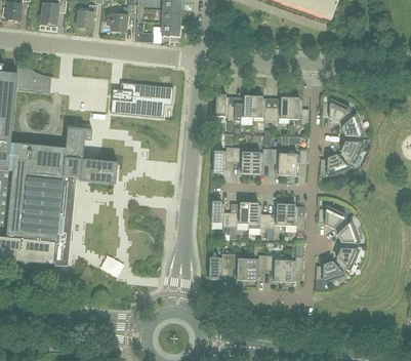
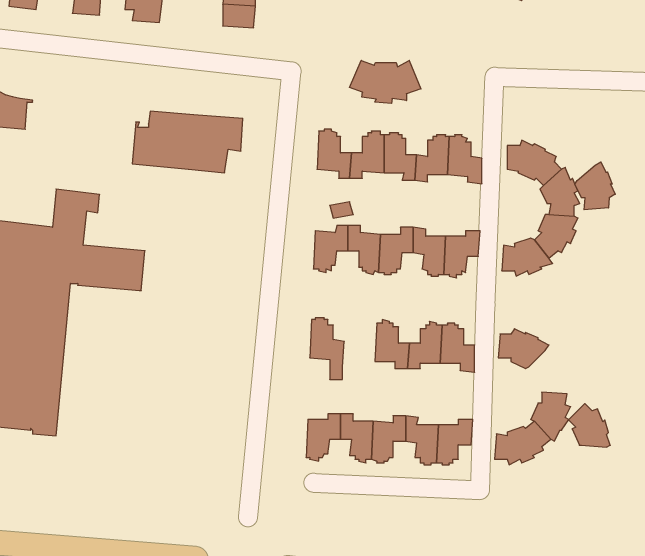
building: none -> [350,60,421,103]
building: none -> [575,162,615,210]
building: [230,200,249,234] -> none
building: [335,217,359,242] -> [569,404,610,447]

